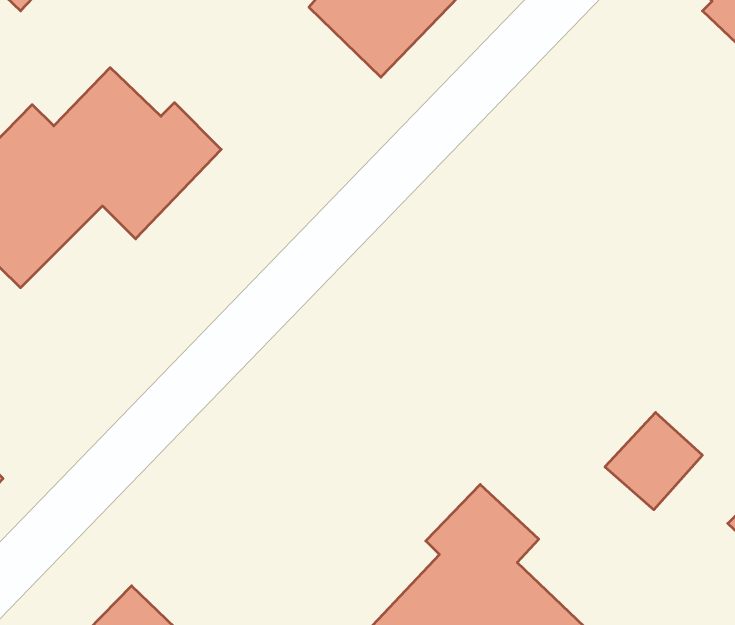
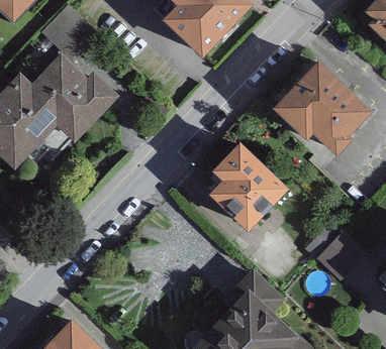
building: none -> [272,62,372,157]
building: none -> [208,142,288,231]

